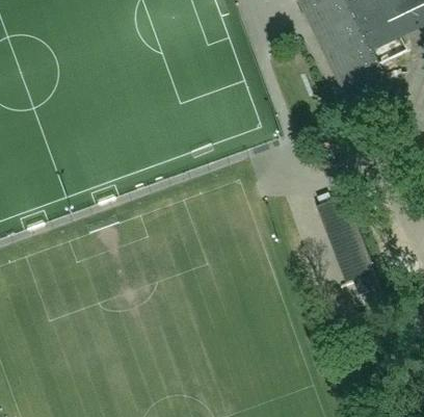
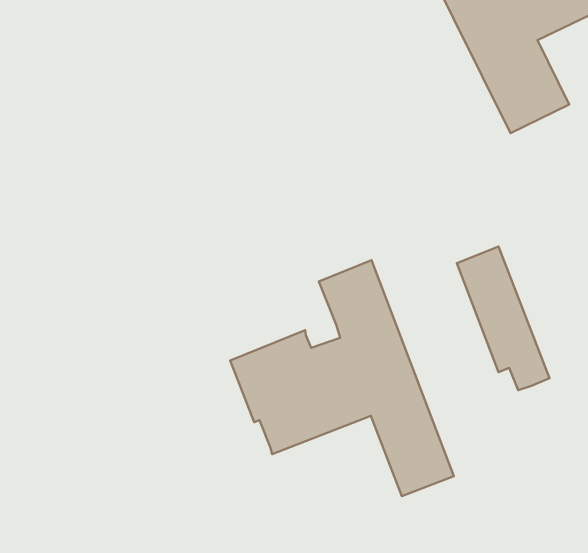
building: none -> [230,260,454,496]

